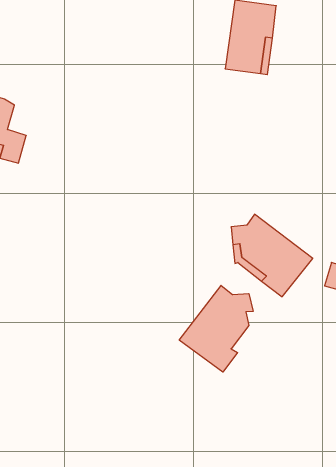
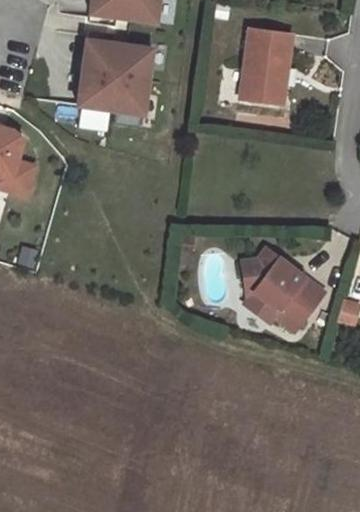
building: none -> [78,39,152,114]
building: [179,285,253,372] -> none

